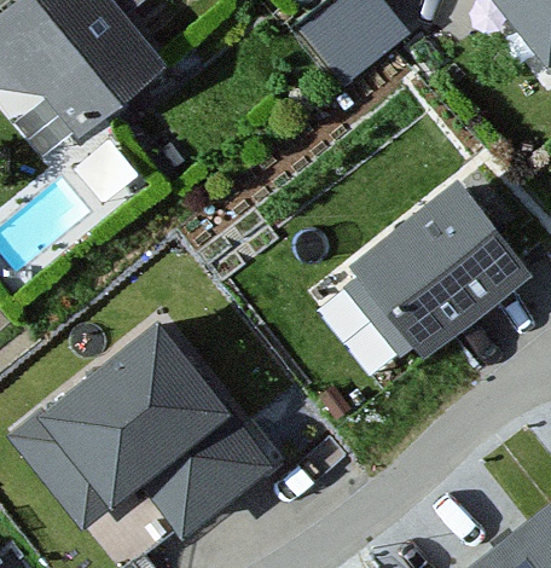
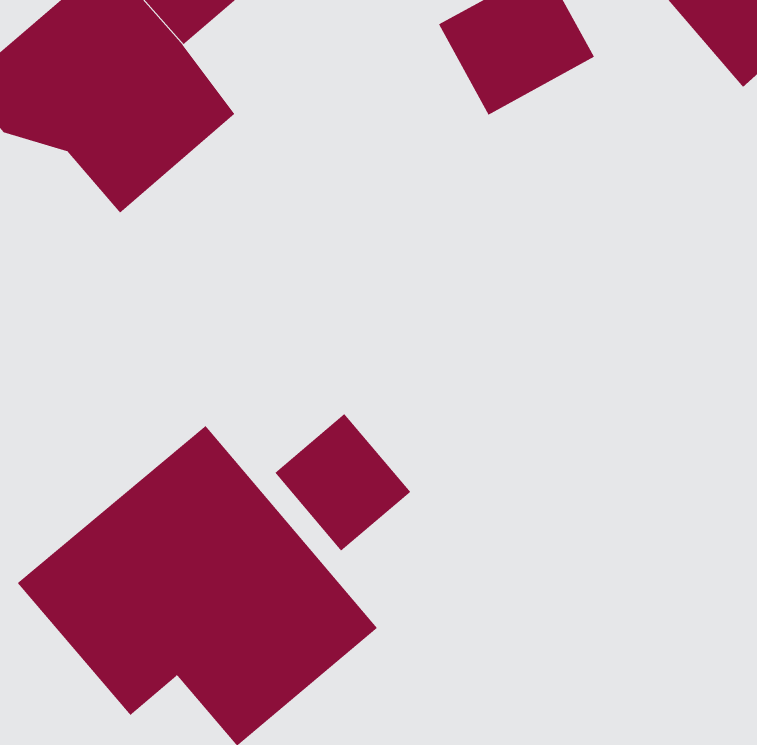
building: [326,178,512,359] -> none
building: none -> [274,413,411,551]

